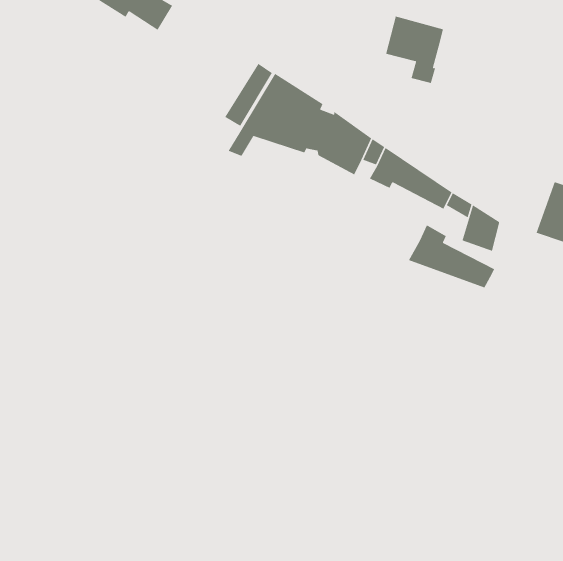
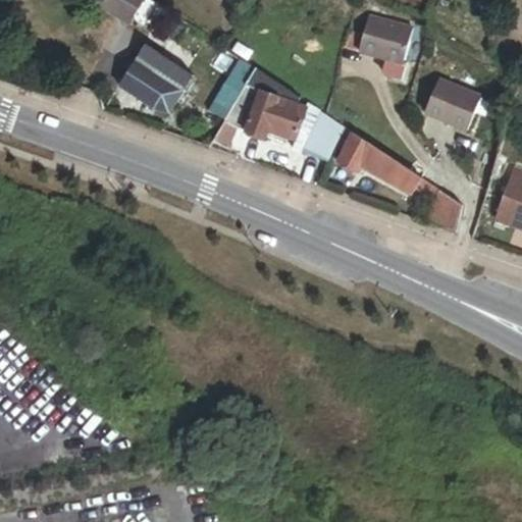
building: none -> [118,44,192,112]
building: none -> [422,77,480,129]
building: [408,224,495,289] -> none

